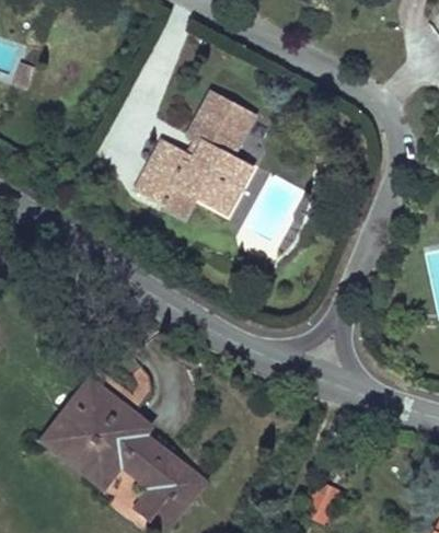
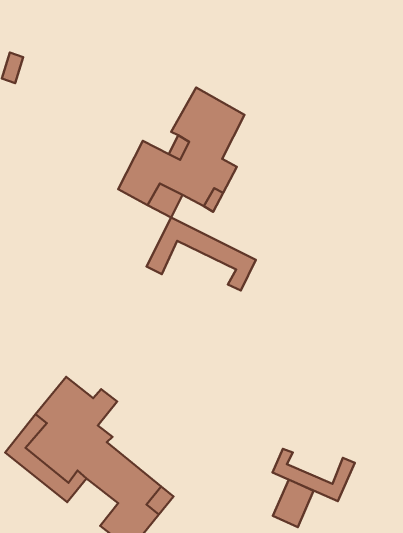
building: none -> [147,218,256,290]
building: none -> [273,449,355,501]

